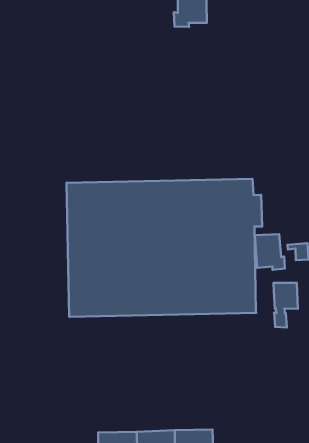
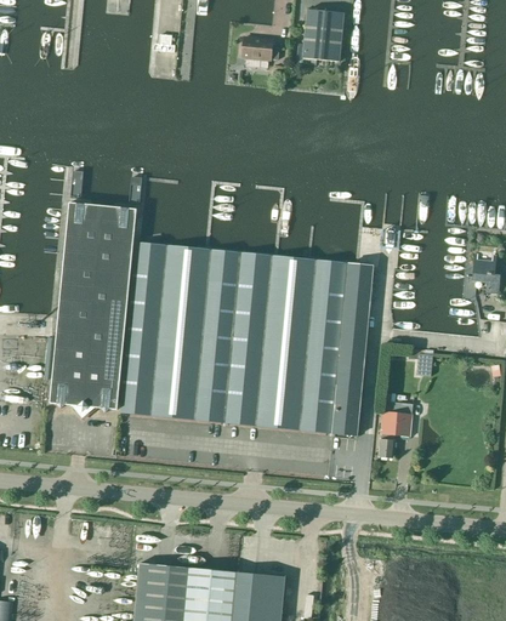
building: none -> [241,38,279,59]
building: none -> [50,203,137,412]
building: [255,234,285,270] -> none

